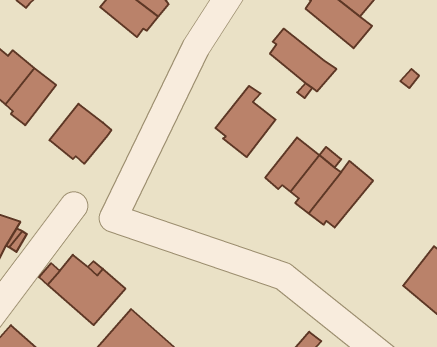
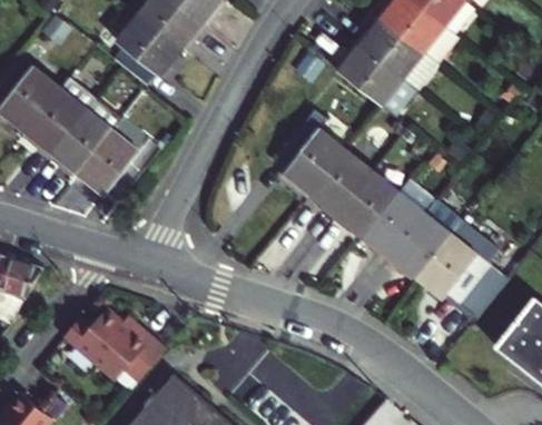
building: none -> [112,14,180,86]
building: none -> [355,17,437,88]
building: none -> [48,107,111,172]
building: none -> [311,148,371,217]
building: none -> [415,217,503,315]

